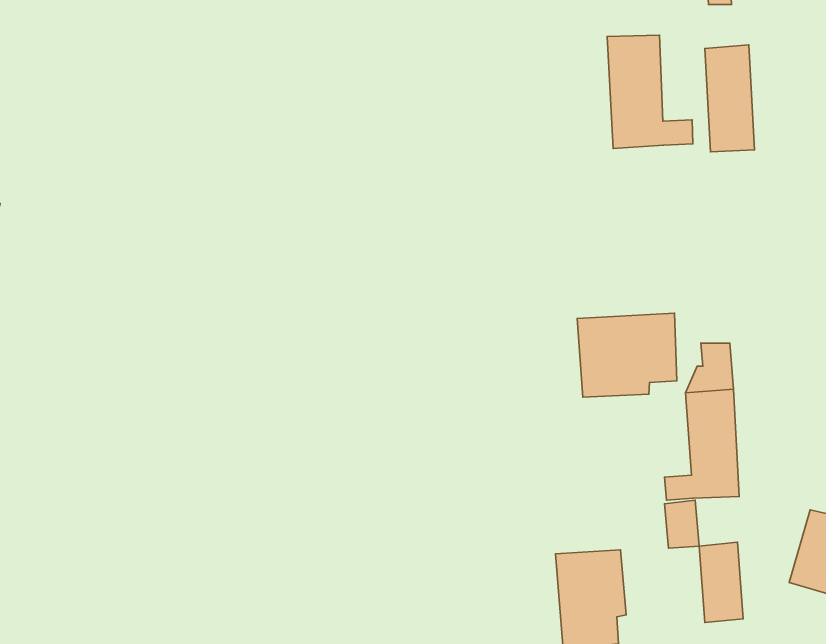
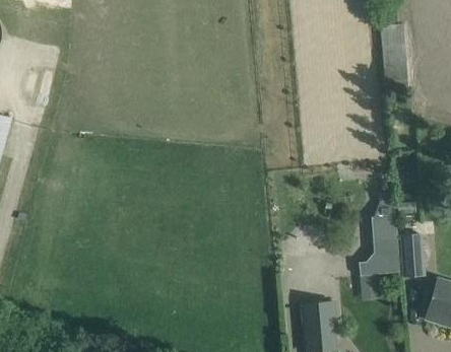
building: [607,35,693,148] -> none
building: [577,313,677,397] -> none
building: [699,542,743,623] -> [401,234,425,277]

